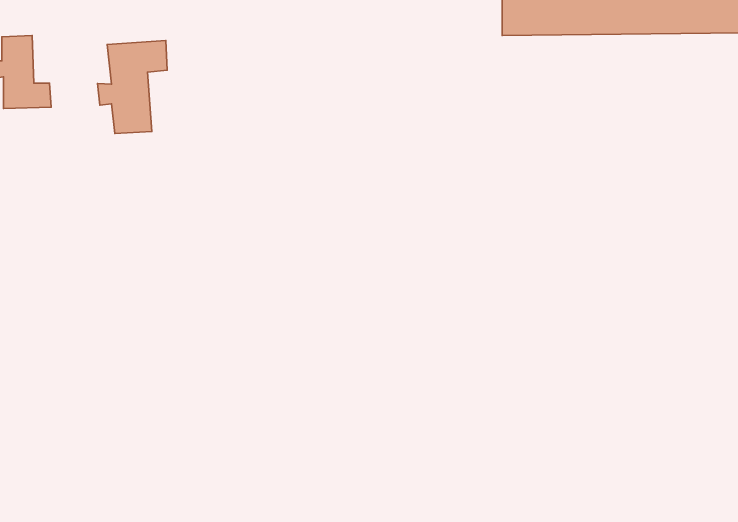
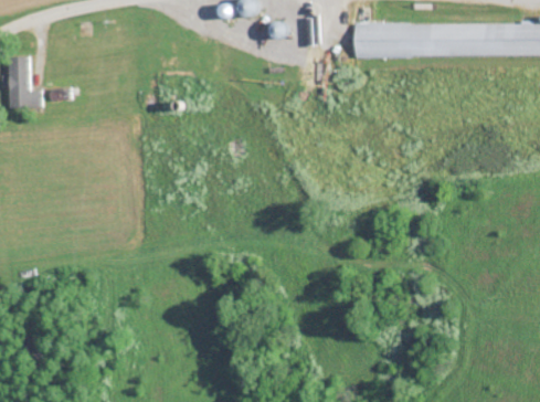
building: [98,40,167,133] -> none

